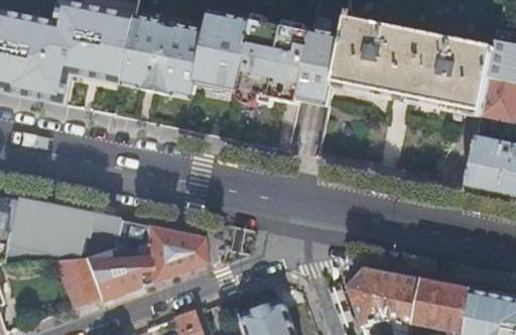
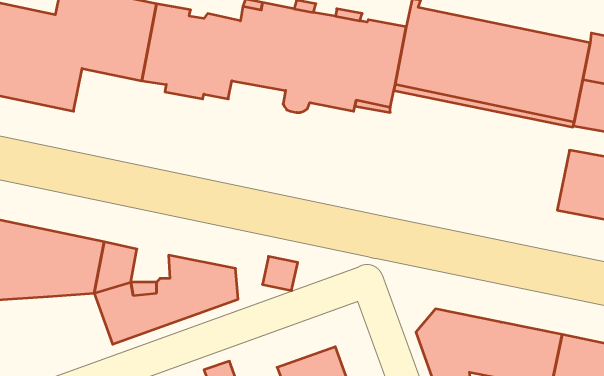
building: [44,253,98,306] -> none

